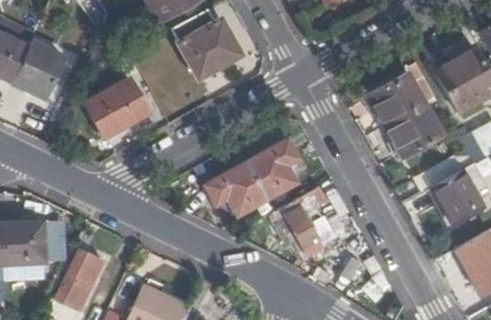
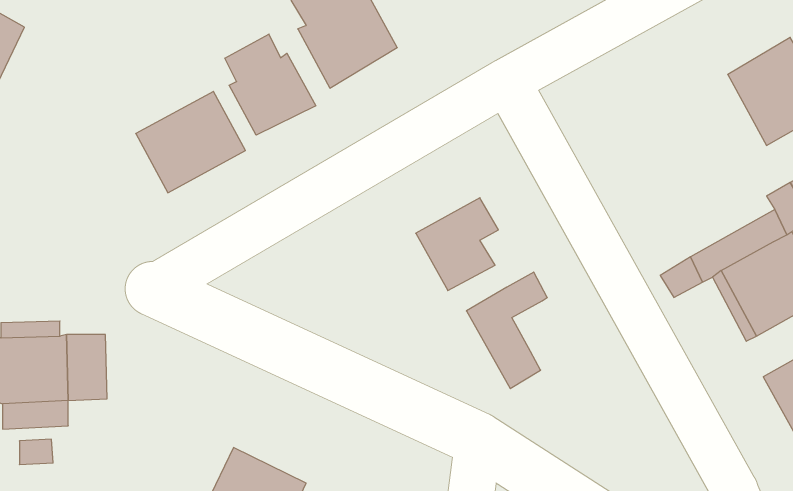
building: [11,40,66,100] -> none
building: none -> [225,34,316,135]
building: [366,71,442,157] -> none
building: [210,163,269,214] -> none
building: [56,252,104,311] -> none

